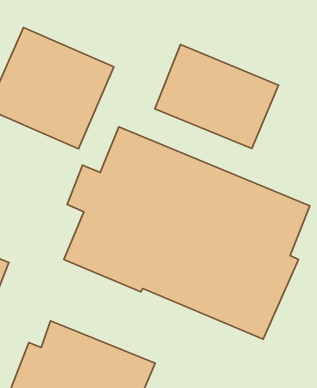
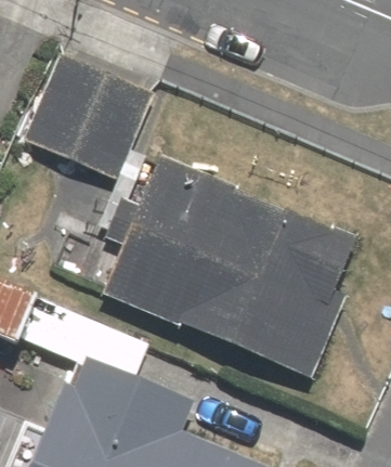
building: [155,45,278,149] -> none

